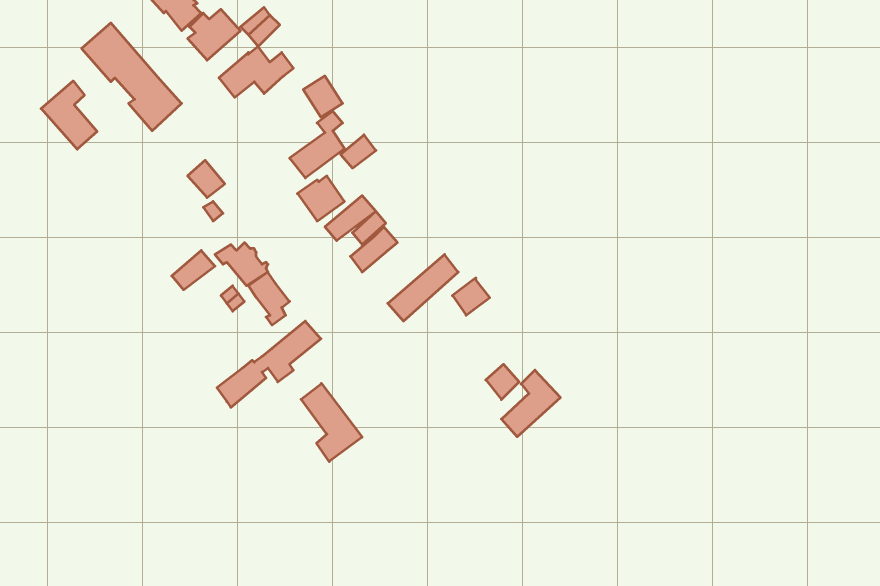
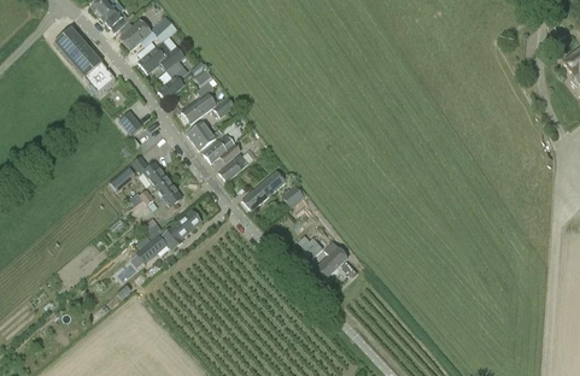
building: none -> [157,59,187,99]
building: [41,81,97,149] -> none
building: [301,383,362,462] -> none

